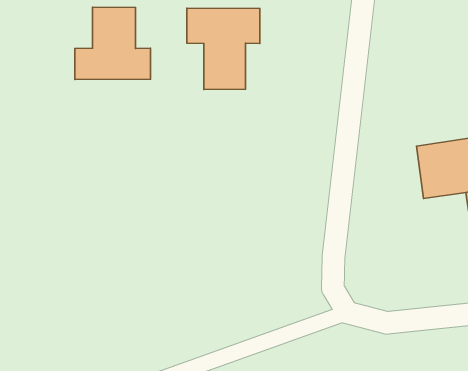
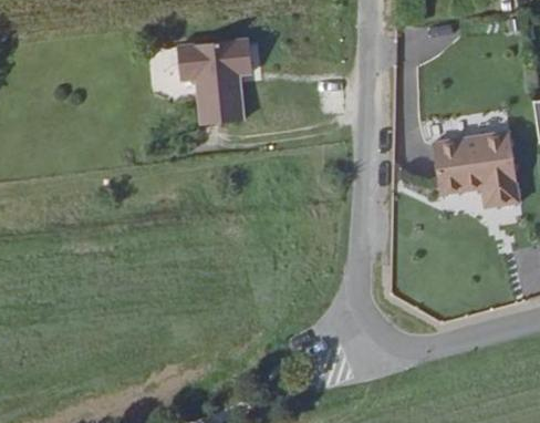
building: [75,7,151,79] -> none

